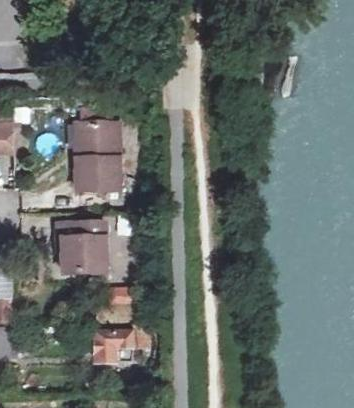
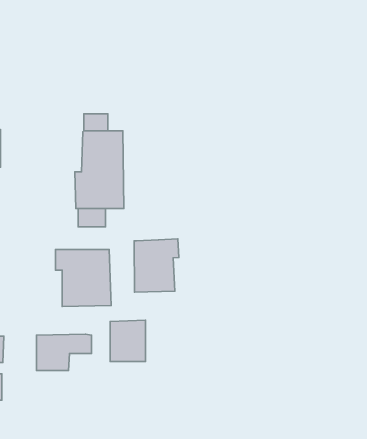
building: none -> [134,239,179,292]
building: [95,331,143,363] -> [37,334,91,371]

